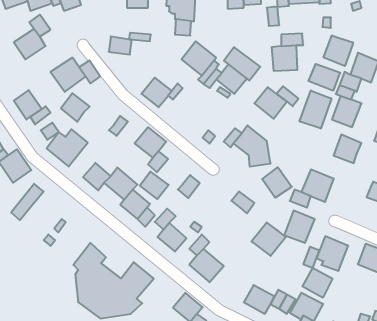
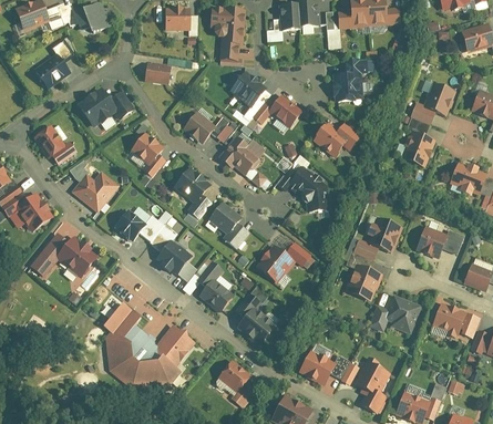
building: [324,35,353,66] -> none
building: [224,47,260,81] -> none
building: [308,64,340,91] -> none
building: [300,90,331,129] -> none
building: [61,93,90,122] -> [131,132,164,165]
building: none -> [220,135,261,175]
building: [334,134,361,163] -> [415,225,448,258]
building: [262,167,292,198] -> none
building: [140,171,169,199] -> [209,201,243,234]
building: none -> [57,235,99,277]
building: [251,222,286,256] -> [256,244,296,282]
building: [302,268,332,298] -> none

